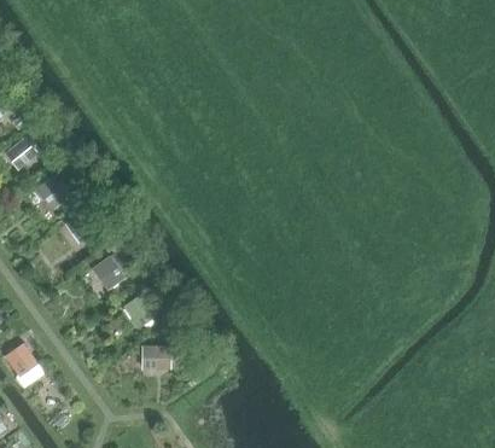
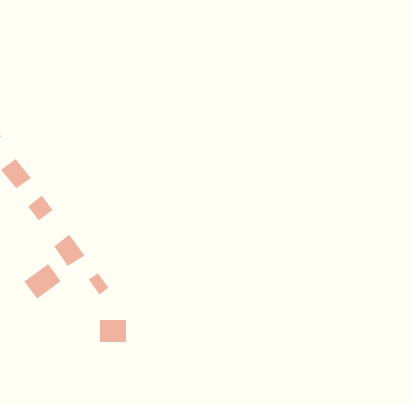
building: none -> [24,263,62,300]

